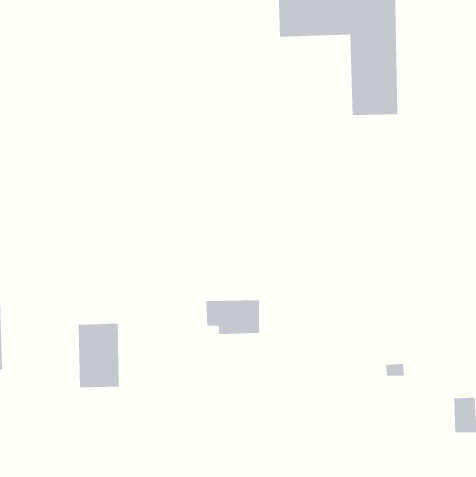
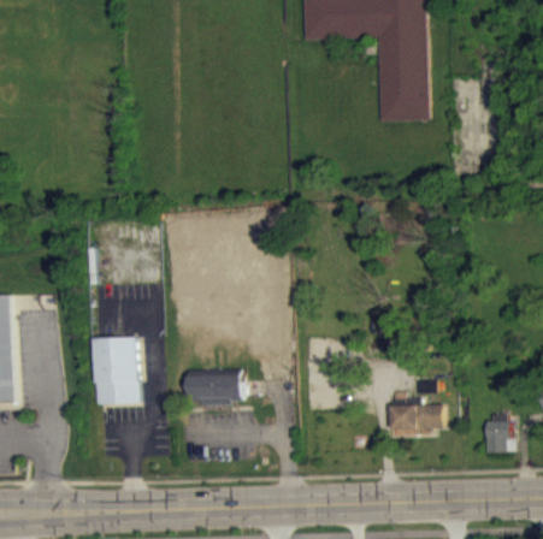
building: [205,300,260,334] -> [185,371,242,407]
building: none -> [388,401,441,431]

